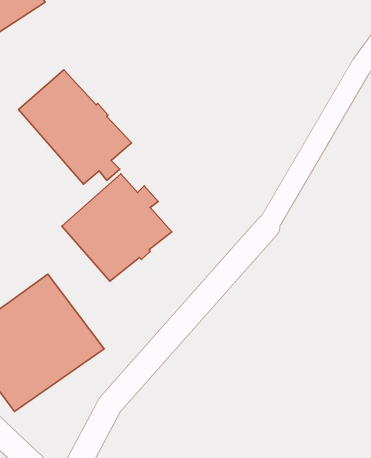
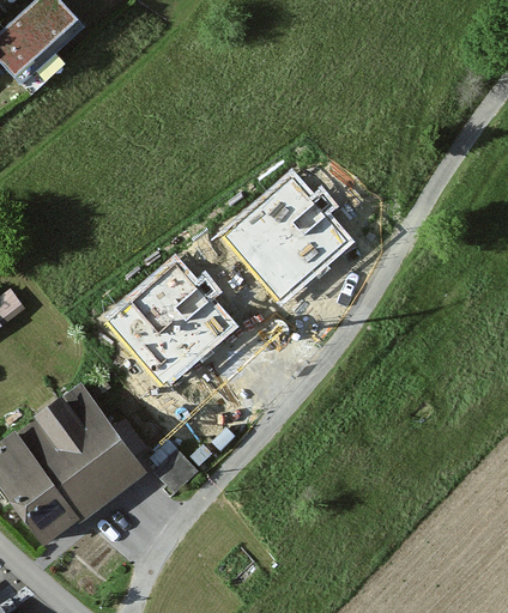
building: [18,70,132,184] -> none
building: none -> [219,170,351,301]

